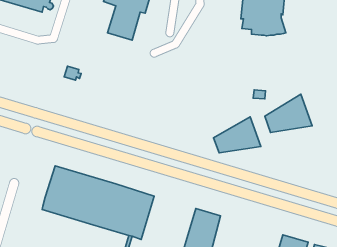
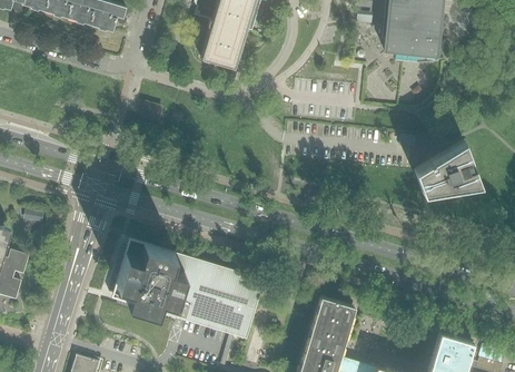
building: [214,117,261,153] -> none

